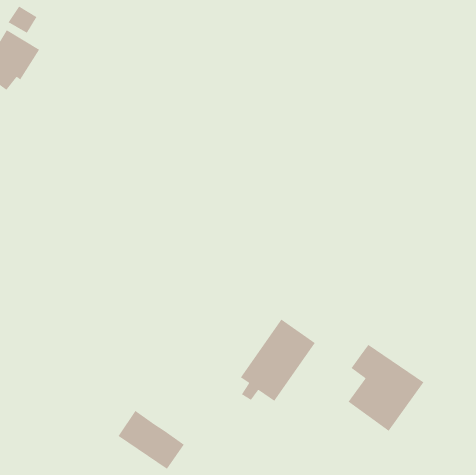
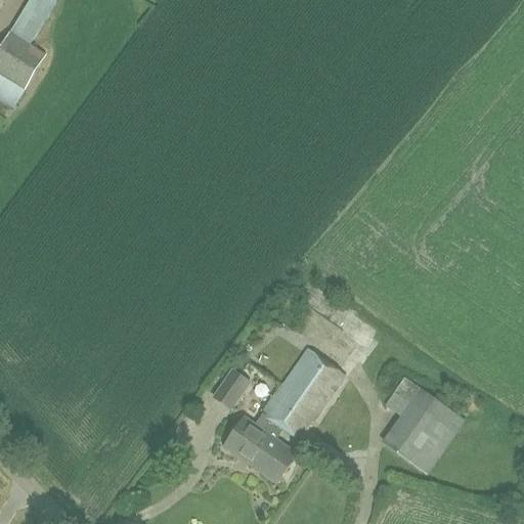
building: none -> [211,368,248,408]
building: [117,410,185,470] -> [222,416,296,481]

